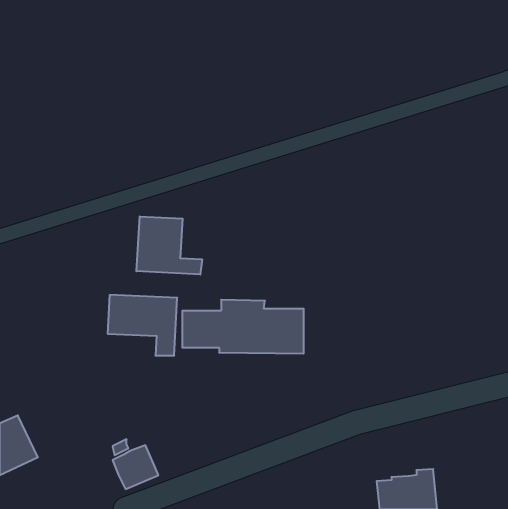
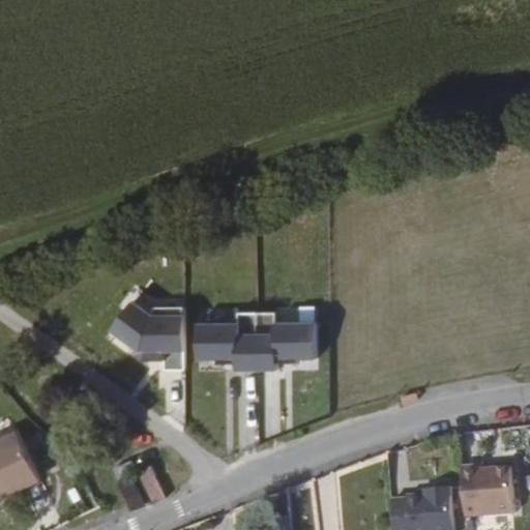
building: [136,216,202,275] -> none
building: none -> [462,466,517,517]

